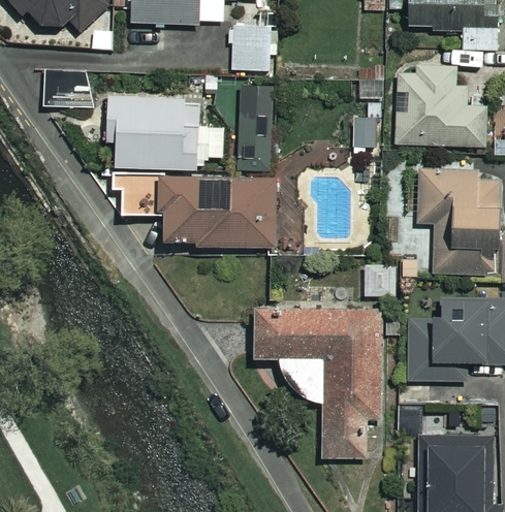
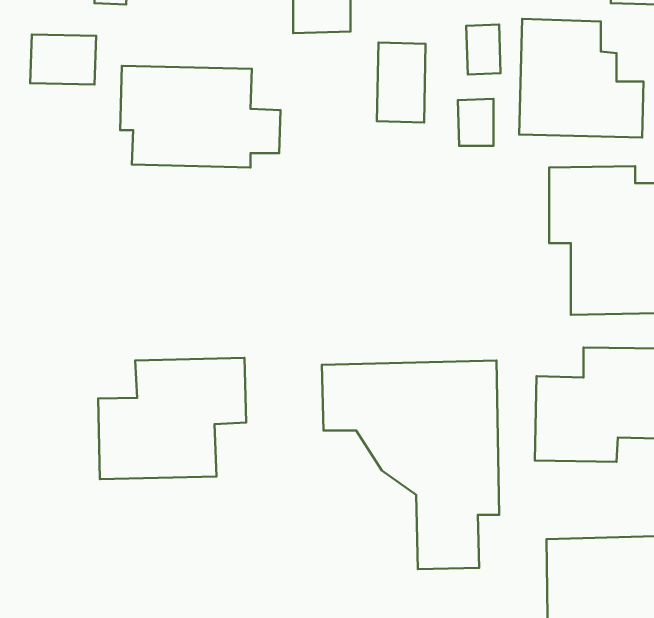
building: [238,111,273,169] -> [377,42,426,123]
building: [120,178,274,247] -> none
building: none -> [98,358,246,479]

